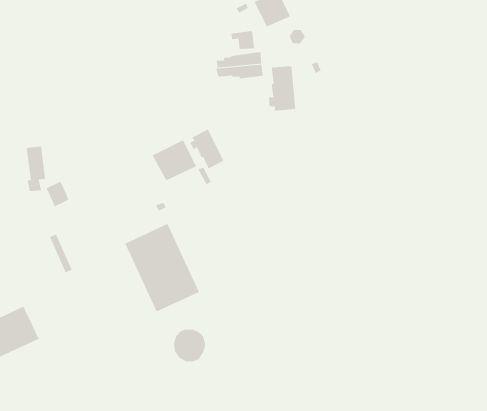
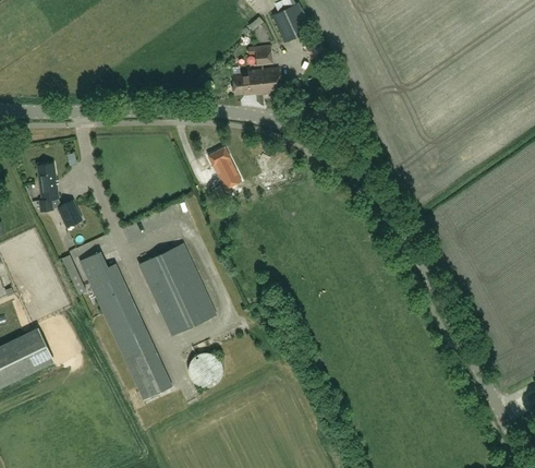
building: [269,65,296,111] -> none
building: [152,139,197,181] -> none
building: none -> [80,251,172,399]

